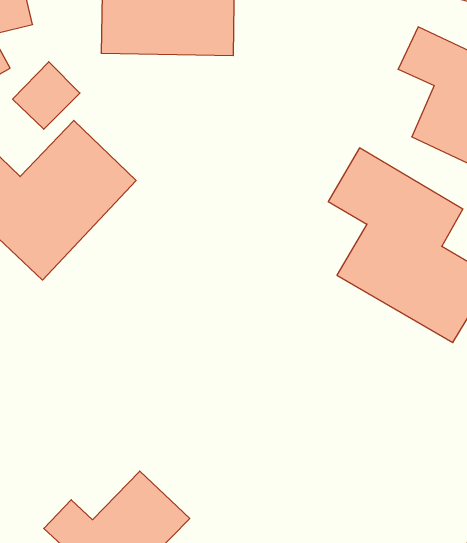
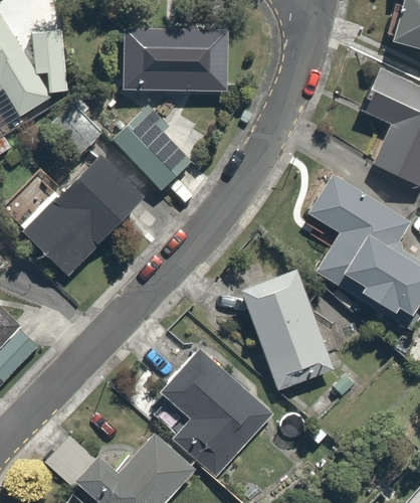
building: none -> [113,107,195,190]
building: none -> [239,273,332,393]
building: none -> [144,350,274,480]

